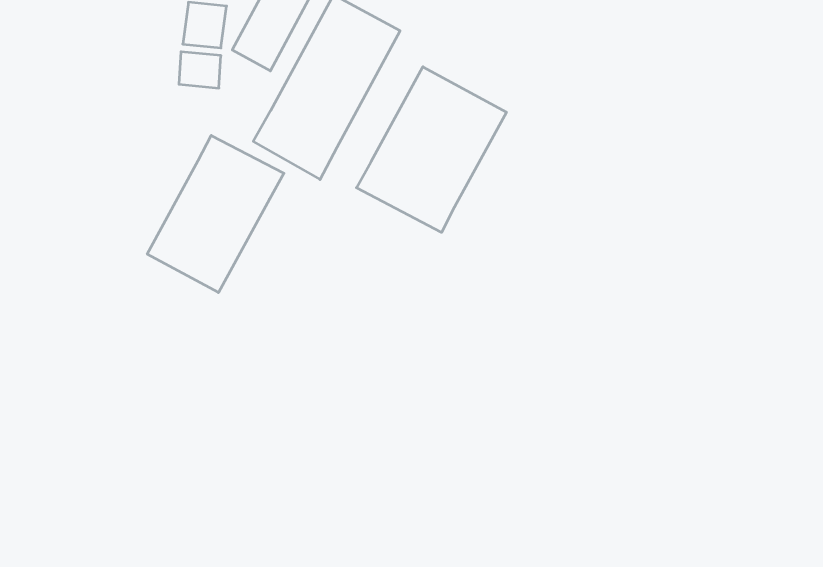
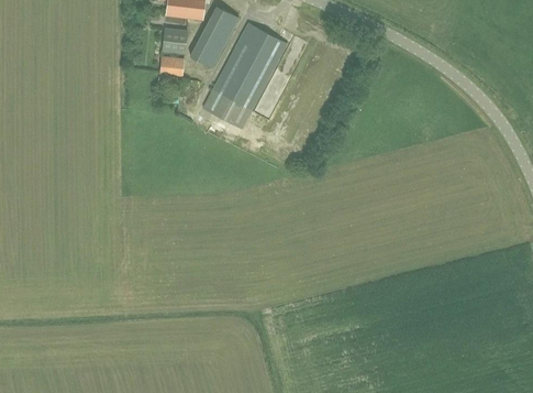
building: [356,67,506,232] -> none
building: [147,135,284,293] -> none

